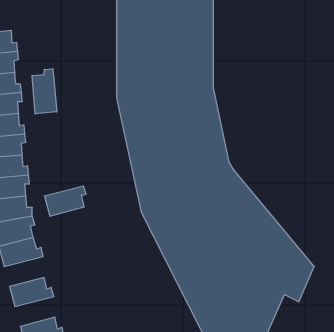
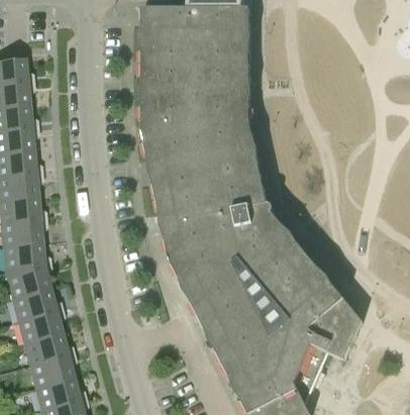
building: [32,69,57,114] -> none
building: [44,186,86,216] -> [16,309,63,342]
building: none -> [28,353,74,387]

